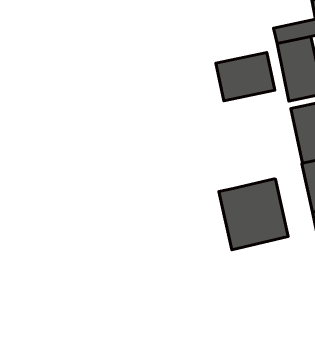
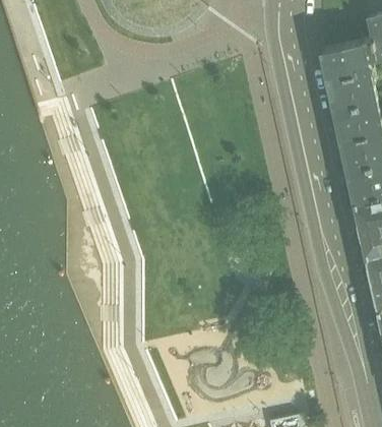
building: [216,53,275,101] -> none
building: [219,179,288,250] -> none

